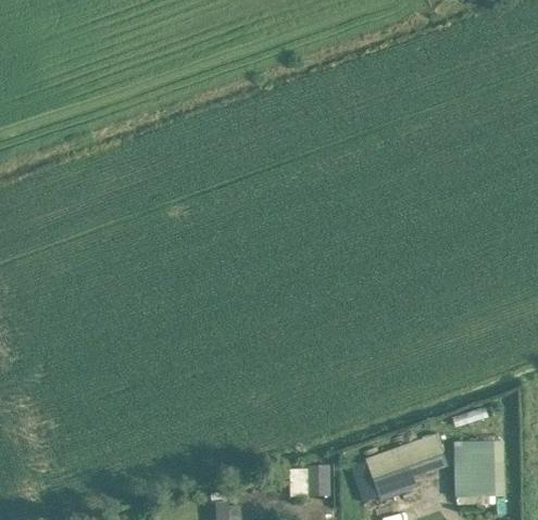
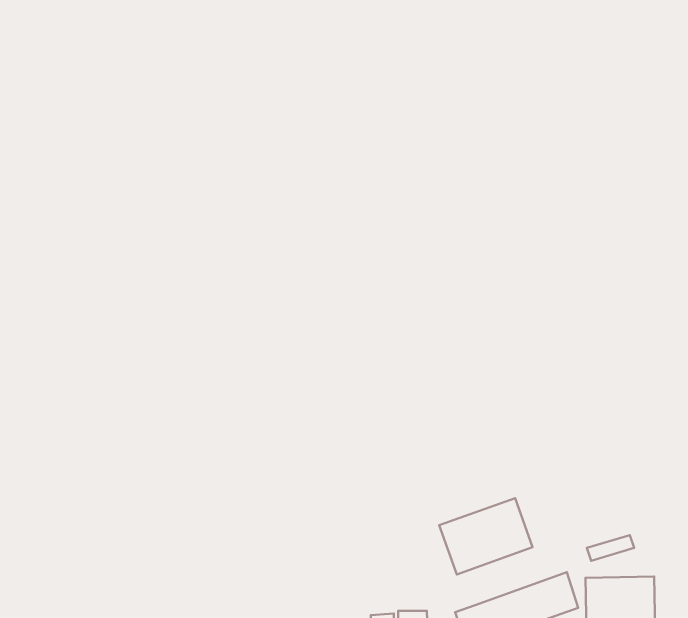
building: none -> [439,498,533,574]

